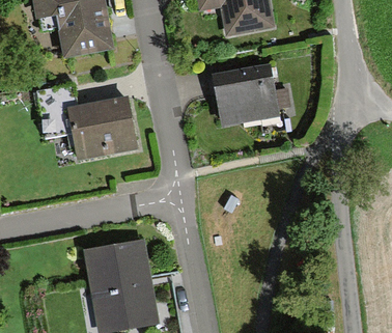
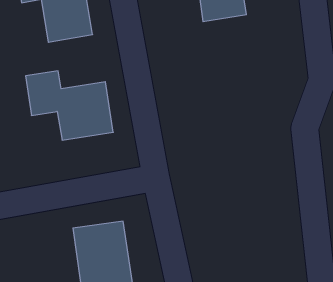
building: [212,65,276,124] -> none

